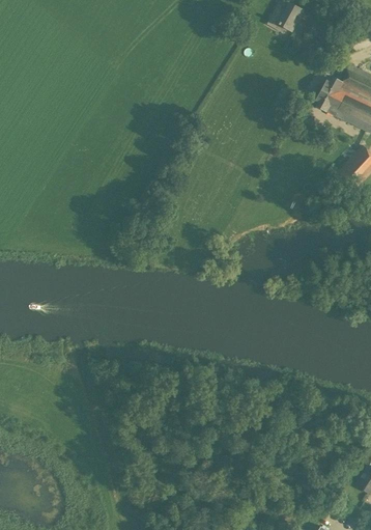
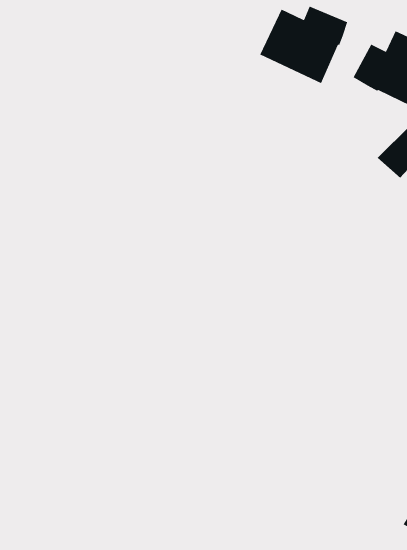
building: none -> [259,6,348,84]

